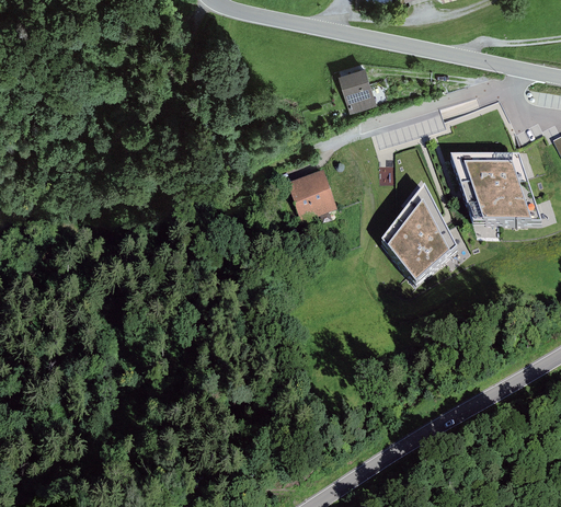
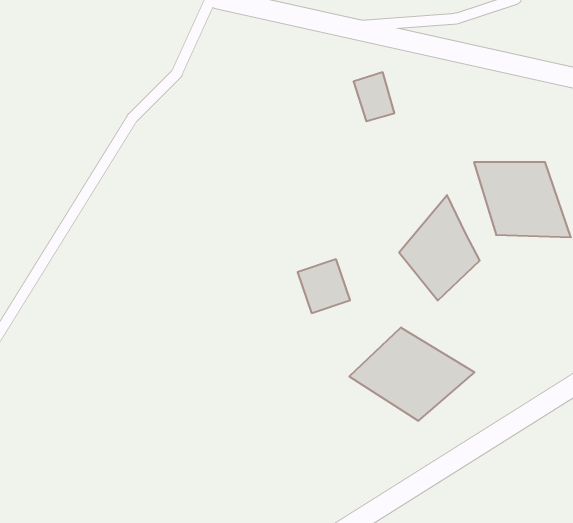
building: [287,170,336,220] -> [298,259,350,313]
building: none -> [349,327,474,421]

